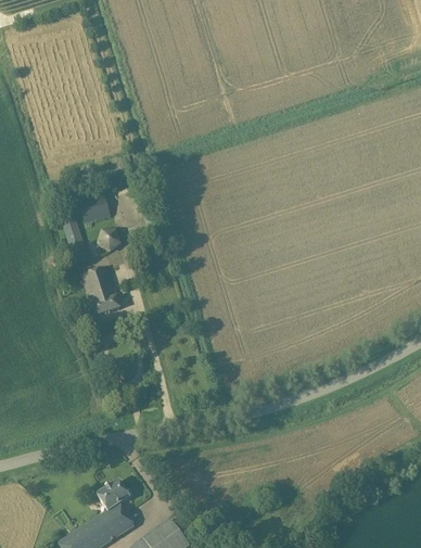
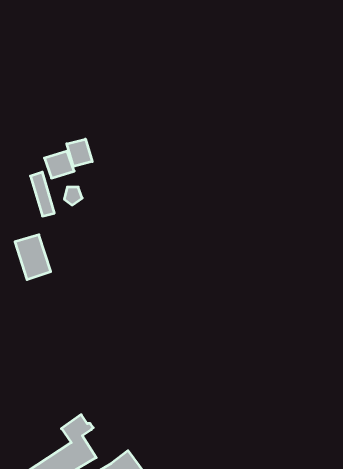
building: none -> [67,139,92,166]
building: [81,268,120,317] -> [15,235,51,280]

